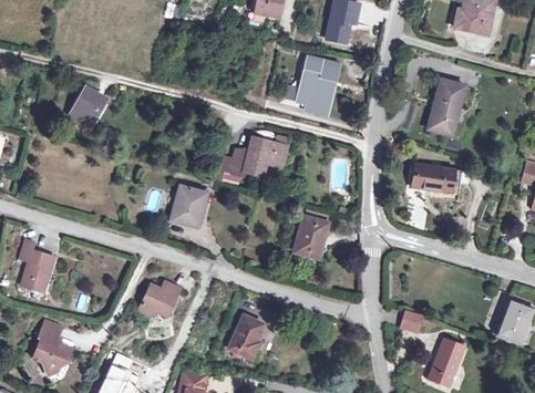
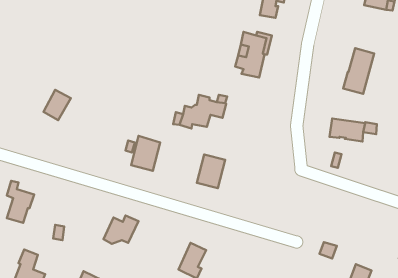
building: [72,87,105,124] -> [43,90,71,120]
building: [295,216,329,257] -> [197,154,225,188]

